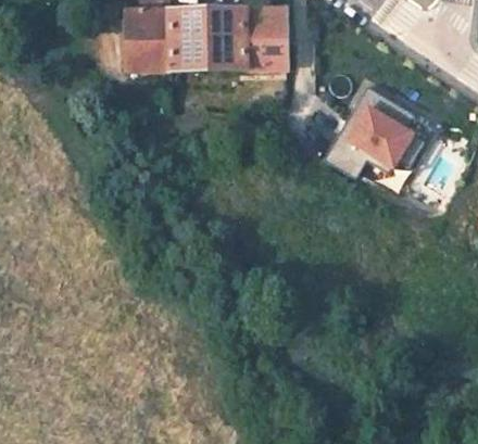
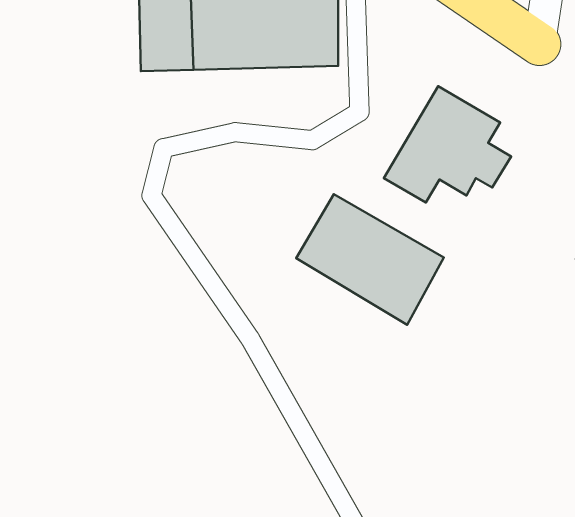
building: none -> [296,194,444,325]

